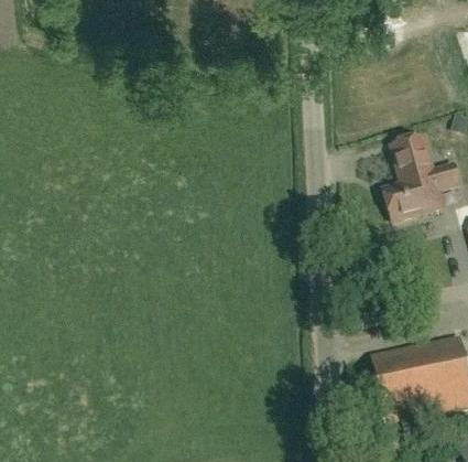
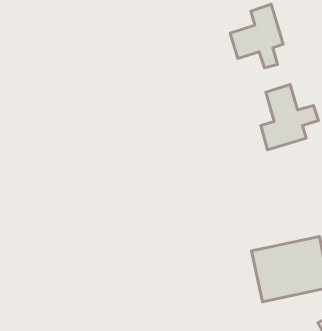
building: none -> [230,4,283,68]

